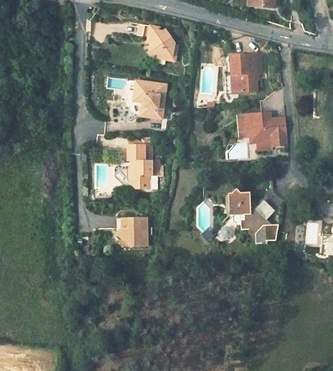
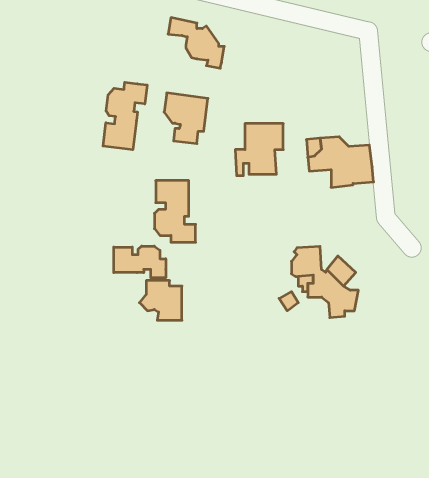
building: [226,54,261,92] -> [235,124,283,176]
building: none -> [103,82,147,150]
building: none -> [114,246,166,278]

